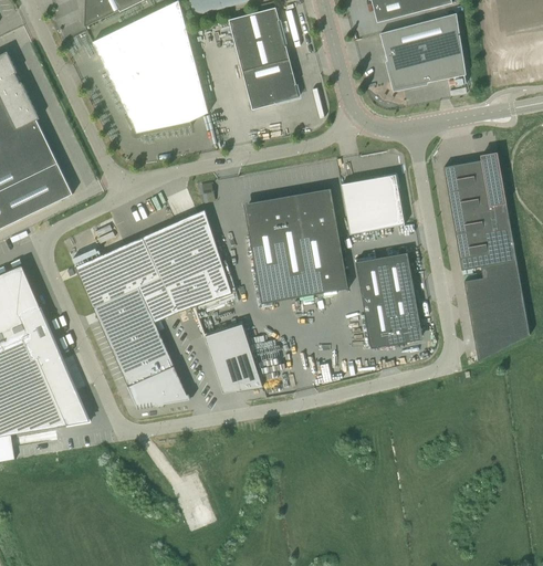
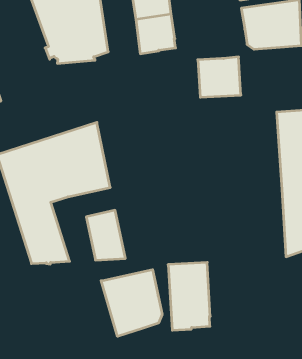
building: [341,174,404,233] -> [198,57,241,97]
building: [246,188,347,303] -> none
building: [355,252,420,348] -> [168,262,210,330]
building: none -> [101,270,162,336]

